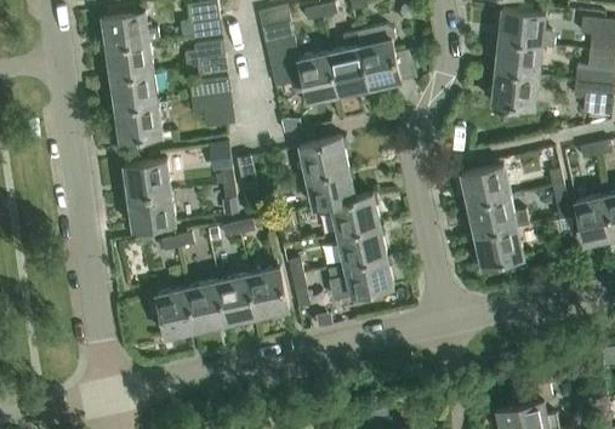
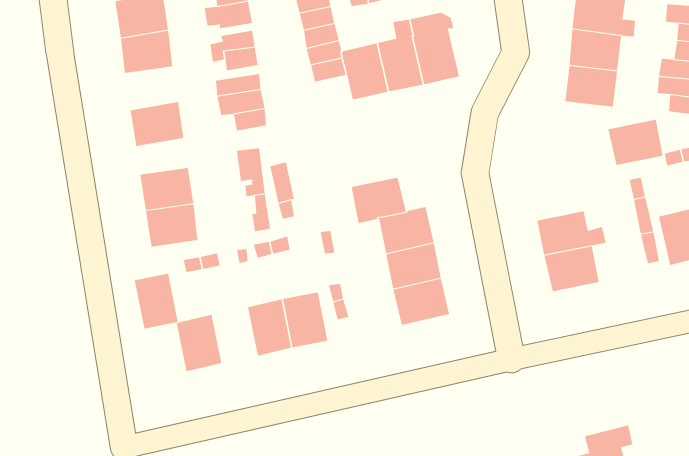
building: [110,73,158,110] -> none
building: [300,137,348,177] -> none
building: [461,166,509,206] -> [608,119,664,165]
building: [187,281,226,330] -> [134,273,179,329]

